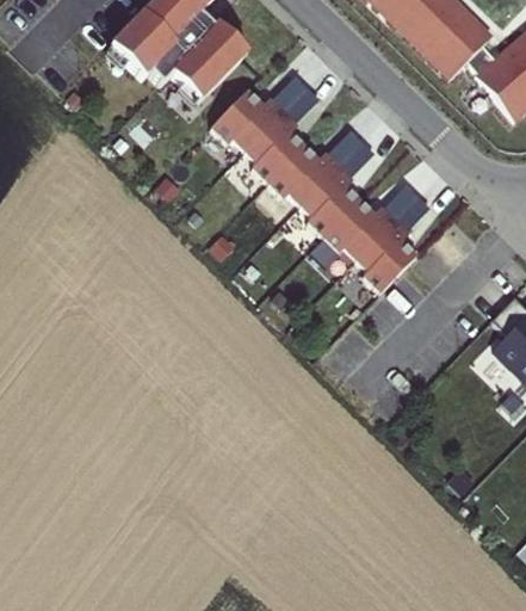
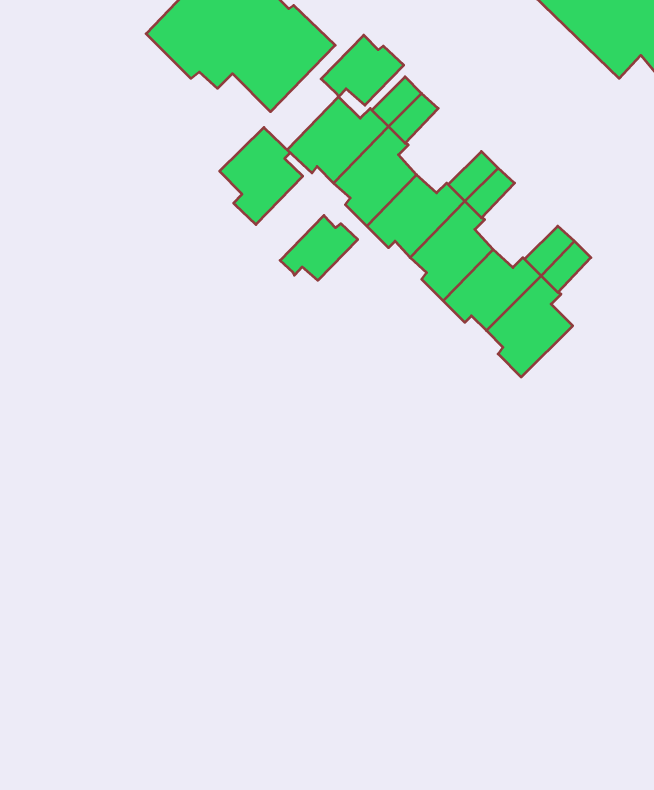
building: none -> [321,35,404,105]
building: none -> [220,127,303,225]
building: none -> [280,215,358,280]

